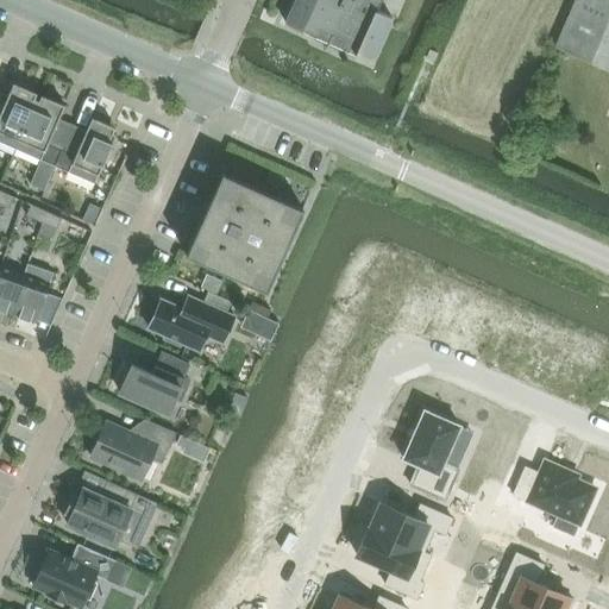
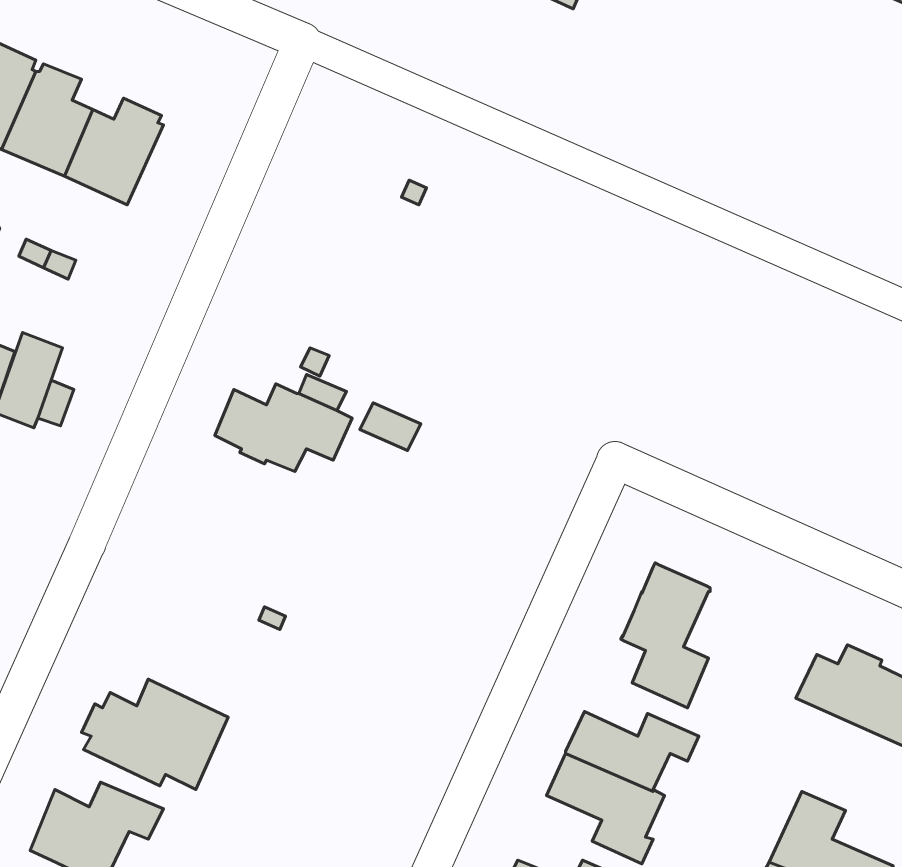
building: [186,172,303,290] -> none
building: [120,354,190,416] -> none
building: [92,421,177,482] -> none

